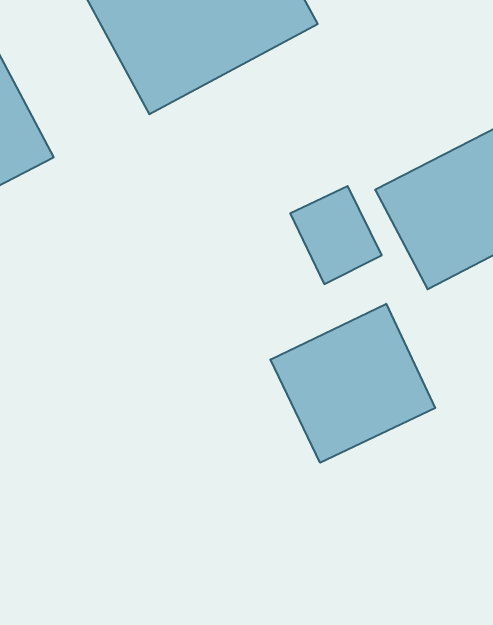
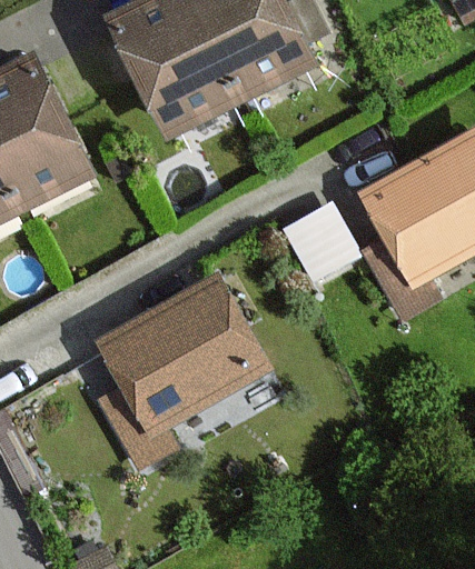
building: none -> [101,283,265,431]
building: [270,304,435,463] -> none

